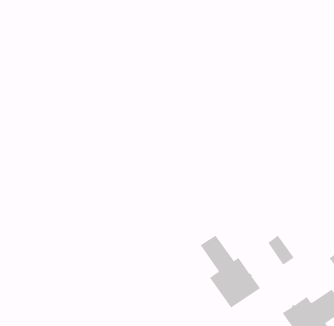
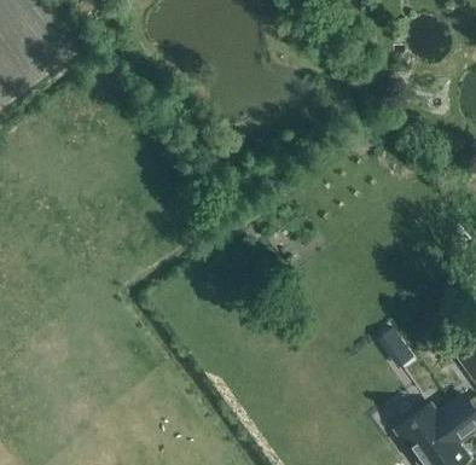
building: [200,235,261,309] -> none

